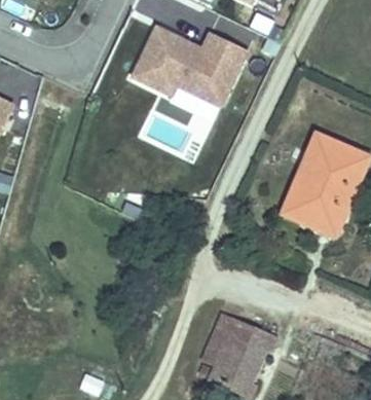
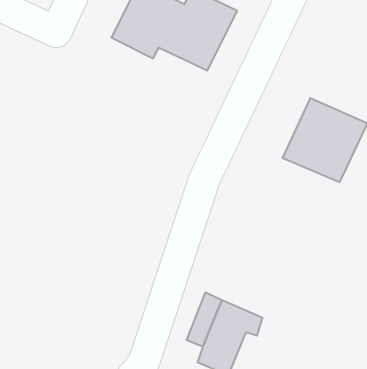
building: [282,187,344,231] -> none

